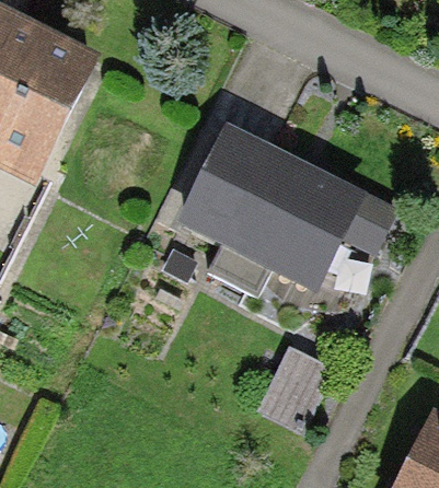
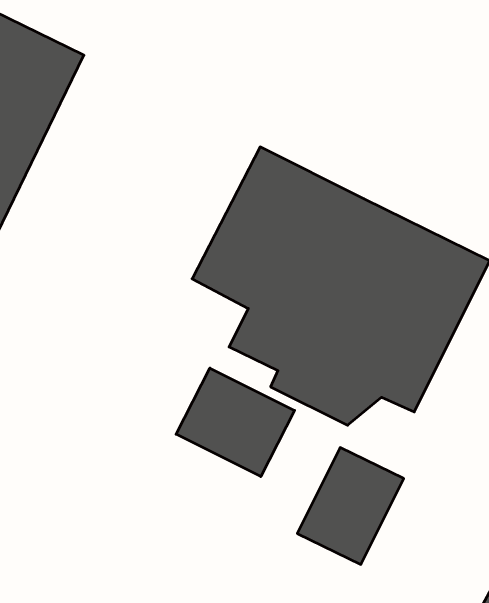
building: none -> [176,368,295,477]

